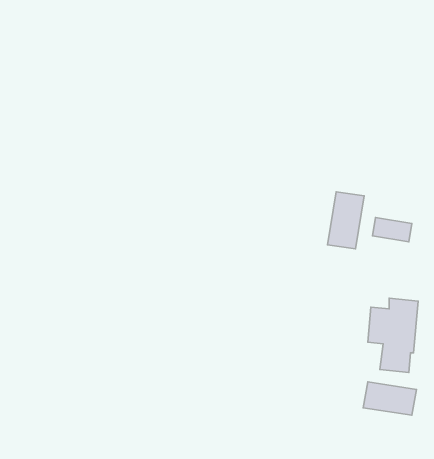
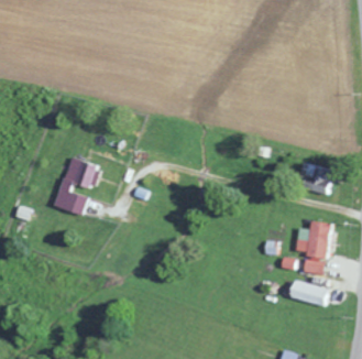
building: [327,192,364,249] -> none
building: none -> [55,157,102,215]

